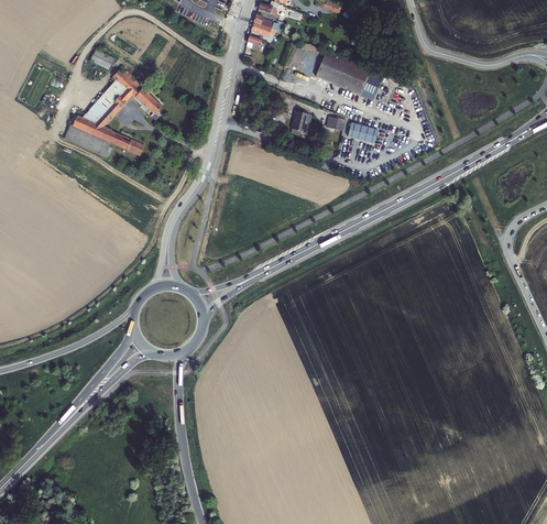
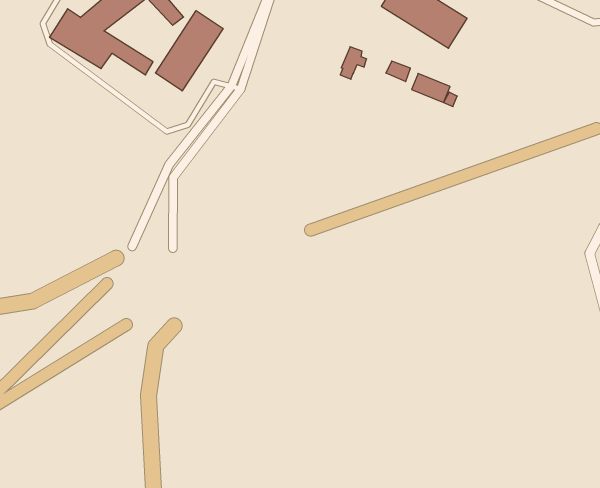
building: none -> [155,11,223,91]

